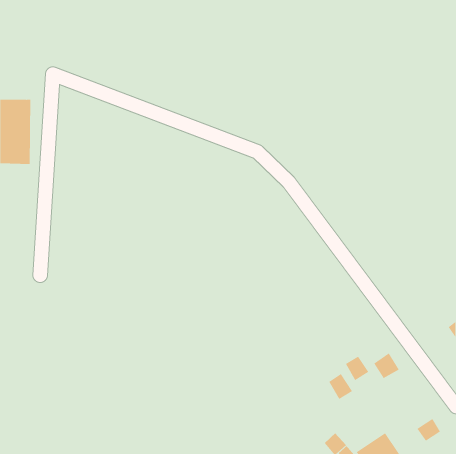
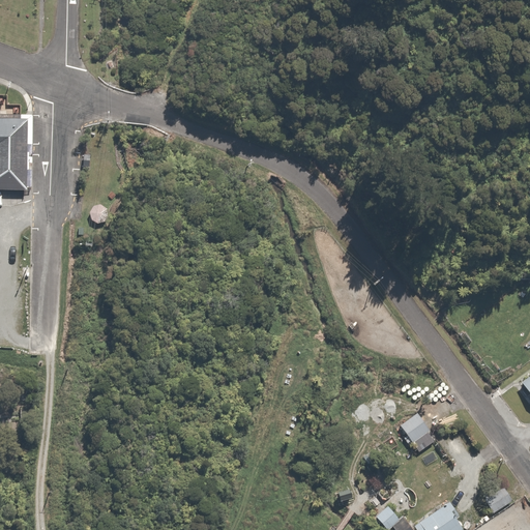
building: [373,353,399,379] -> none
building: [328,373,353,400] -> none

